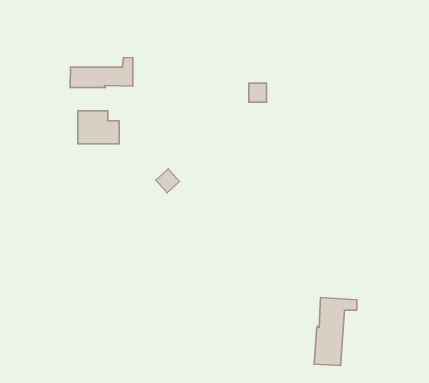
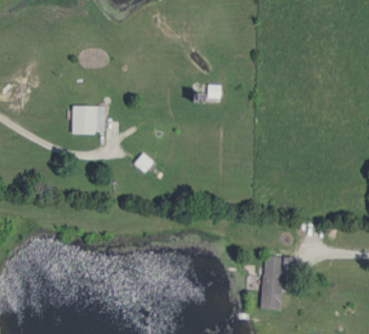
building: [70,57,133,87] -> none

